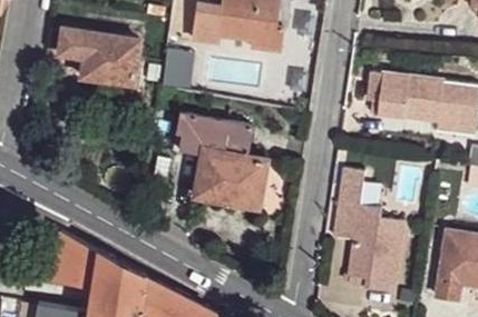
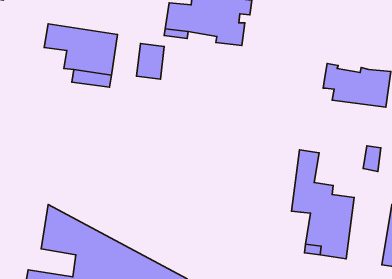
building: [175,112,267,209] -> none

